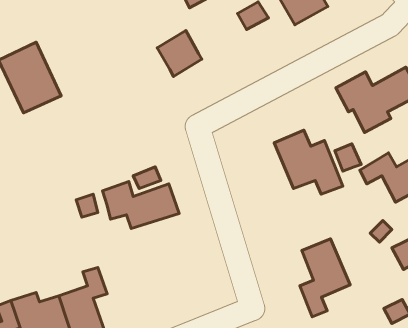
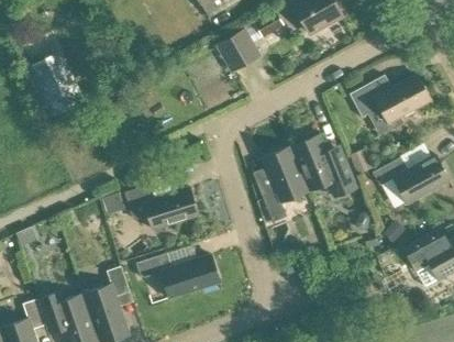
building: [157,31,202,76] -> [218,29,261,73]
building: [300,239,350,317] -> [261,146,309,221]
building: none -> [136,253,220,298]

